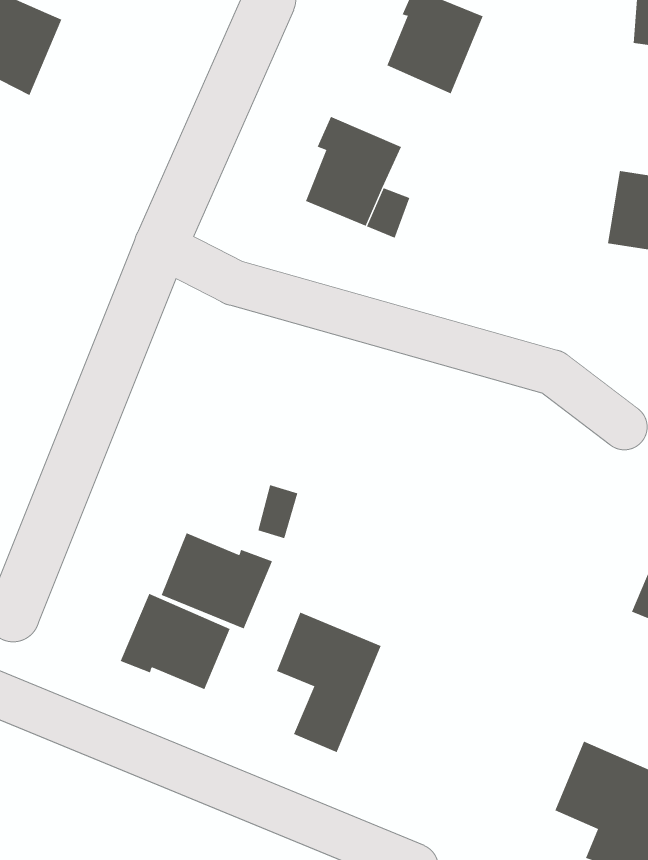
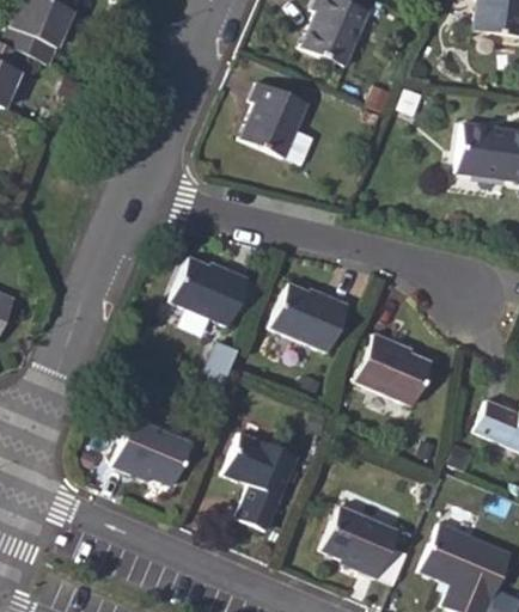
building: none -> [270,284,349,353]
building: none -> [355,332,432,406]
building: [161,532,273,629] -> [171,257,250,325]
building: none -> [322,506,398,577]

